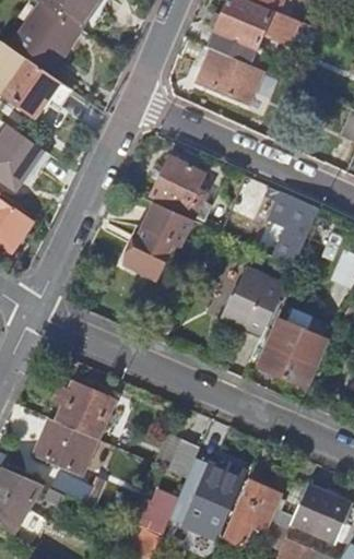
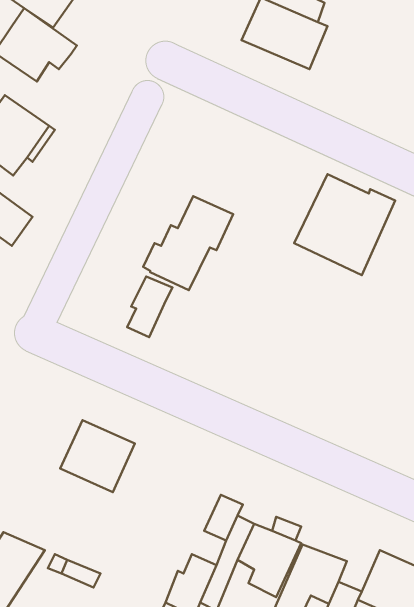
building: [153,156,212,221] -> none
building: [222,266,284,334] -> none
building: none -> [127,277,173,337]
building: [257,322,324,389] -> none
building: [33,417,98,476] -> none

